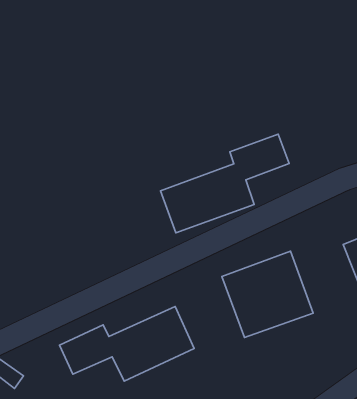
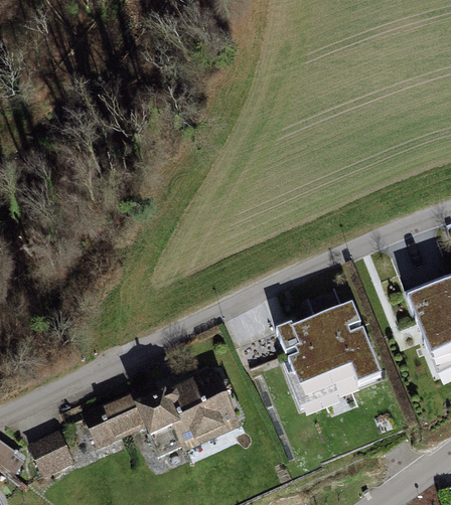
building: [160,134,289,233] -> none
building: none -> [32,425,81,474]

